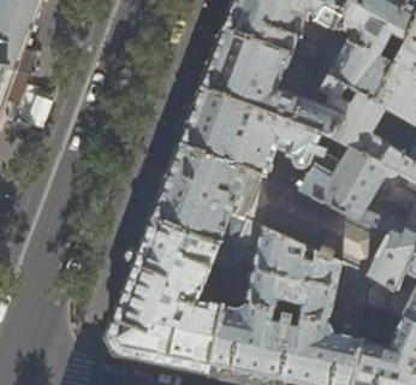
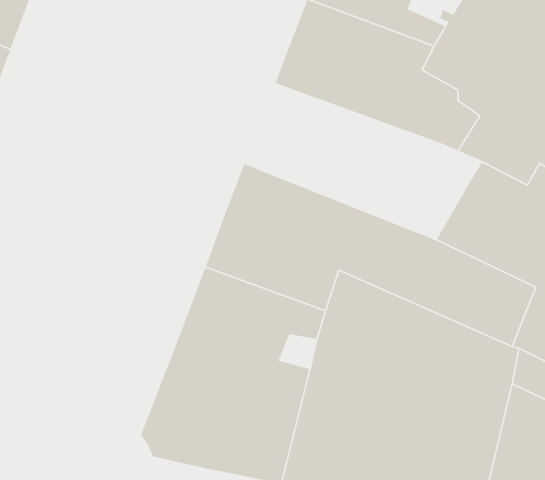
building: [180,90,339,201] -> none

